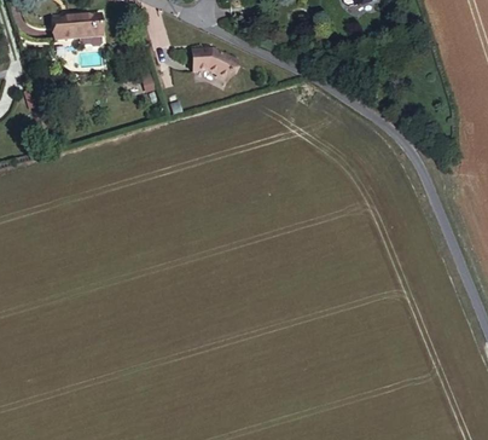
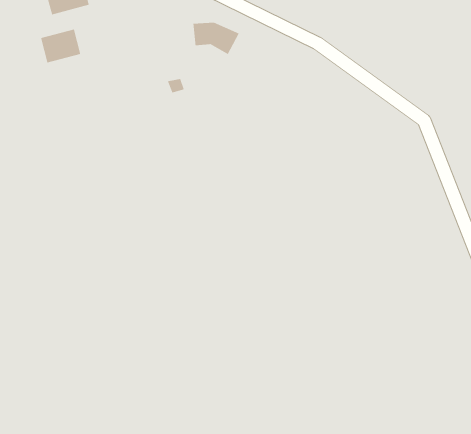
building: none -> [40,28,81,64]

